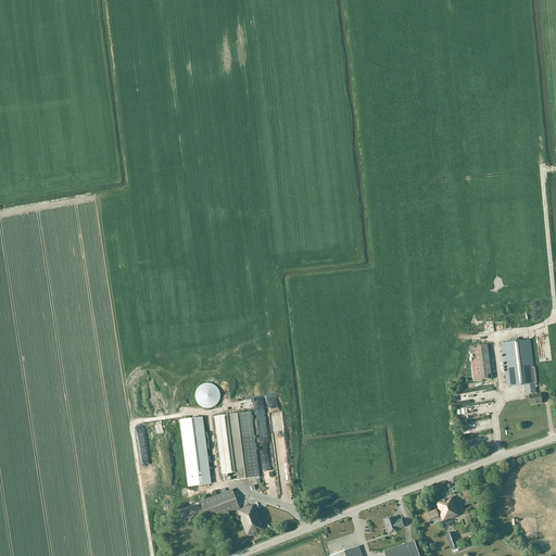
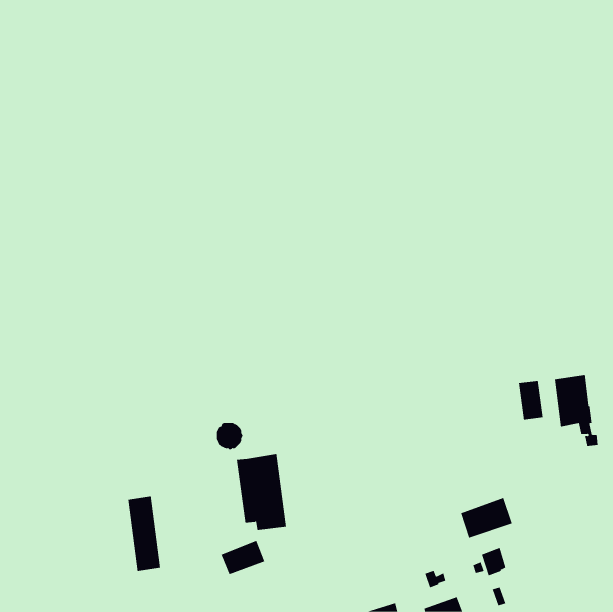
building: [180,417,211,485] -> [127,496,161,572]
building: none -> [461,497,513,538]
building: [237,504,264,535] -> none

